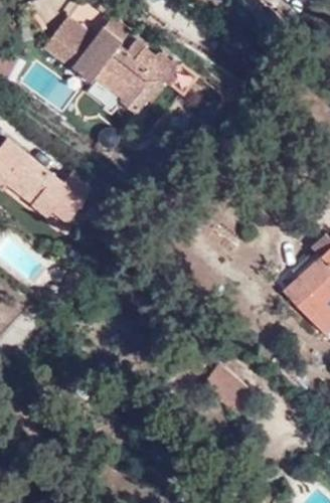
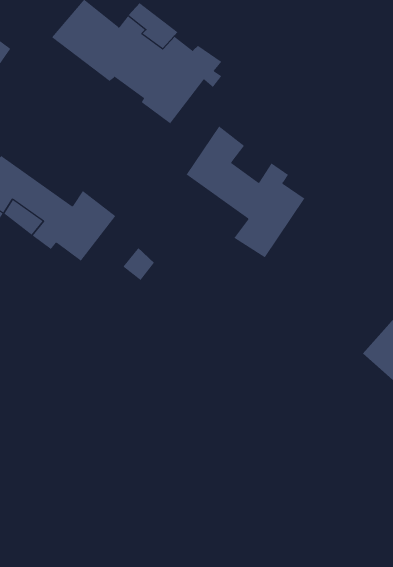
building: none -> [186,126,305,258]
building: [200,362,250,413] -> none

